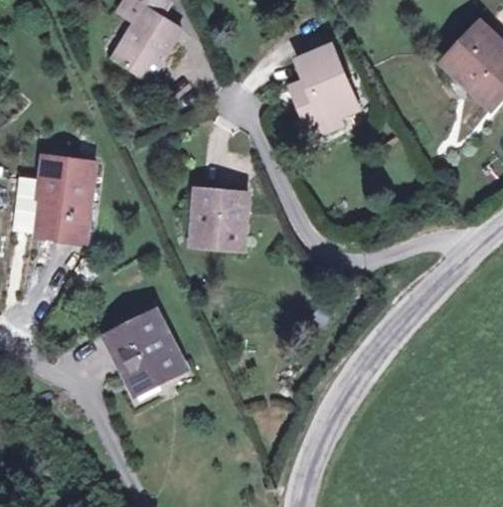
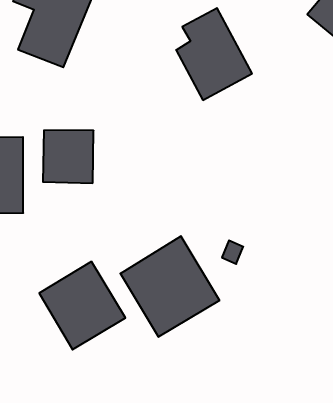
building: [185,186,248,251] -> [43,130,94,183]
building: none -> [120,236,219,337]

